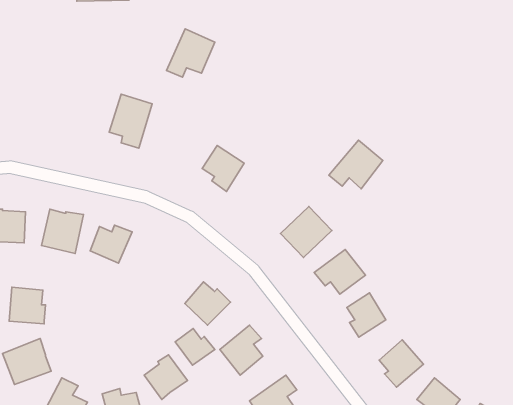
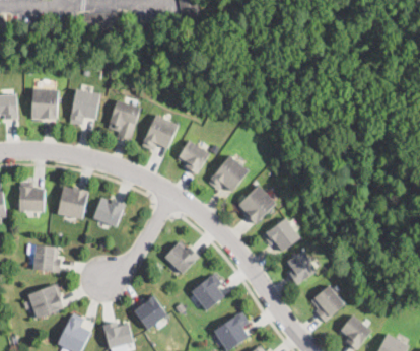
building: [166,29,215,77] -> [141,115,178,151]
building: none -> [31,89,58,121]
building: none -> [69,89,99,126]
building: [329,140,383,189] -> [207,154,248,191]
building: [175,329,215,365] -> none

